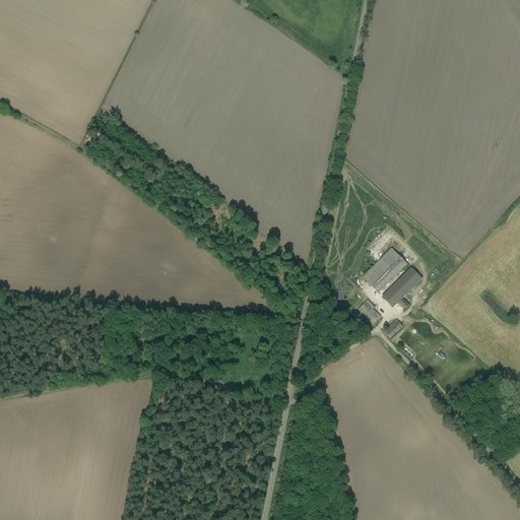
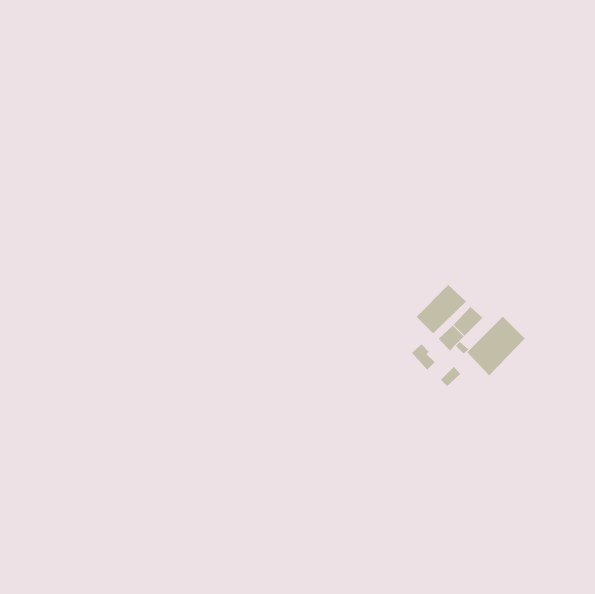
building: none -> [466,316,526,376]

